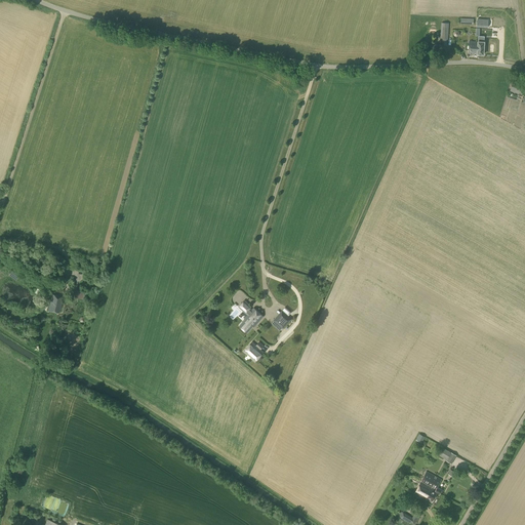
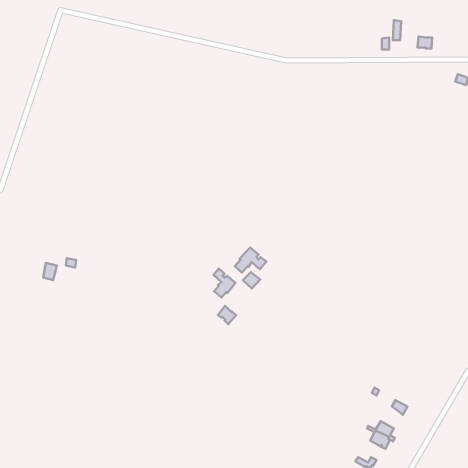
building: none -> [235,248,267,272]

